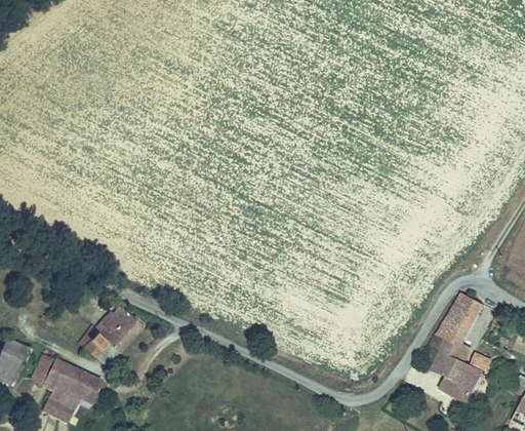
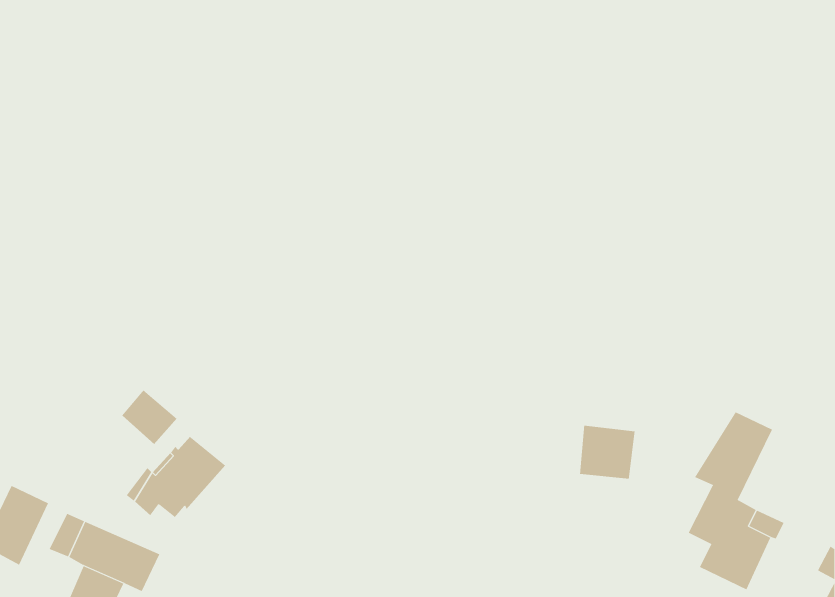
building: none -> [121,390,178,445]
building: none -> [579,425,635,480]

